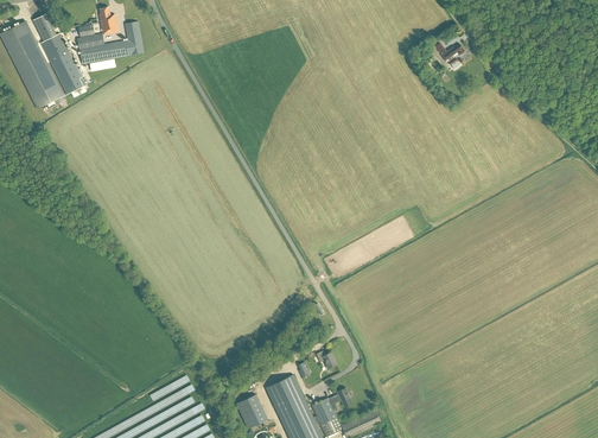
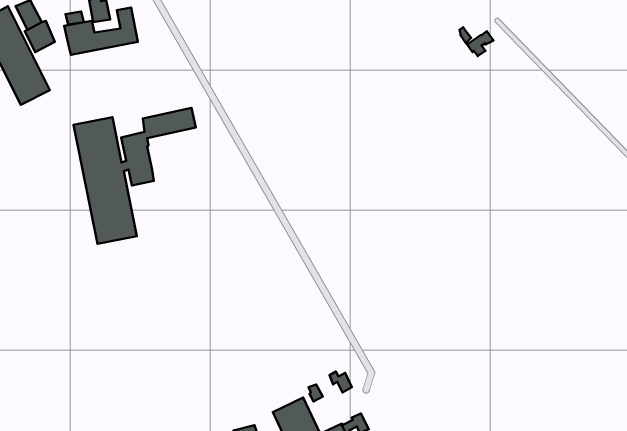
building: [50,51,84,93] -> none
building: none -> [73,108,196,244]

